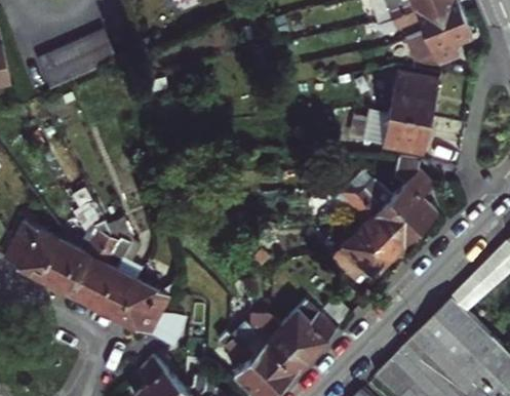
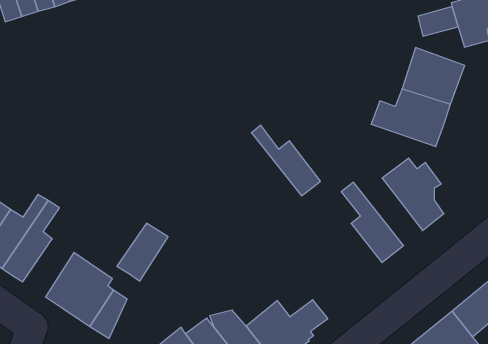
building: [359,186,422,241] -> [251,125,320,196]
building: [339,228,391,273] -> none
building: [91,270,131,319] -> [117,223,168,281]

